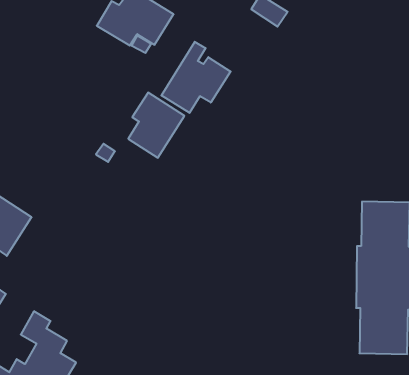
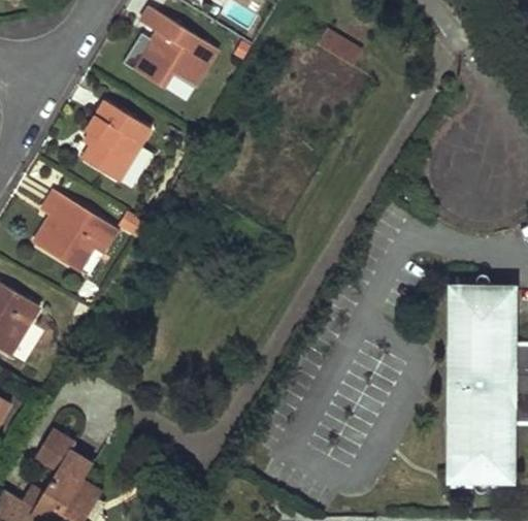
building: [161,42,231,113] -> none
building: [128,93,184,158] -> [85,100,155,182]
building: none -> [32,190,121,279]

